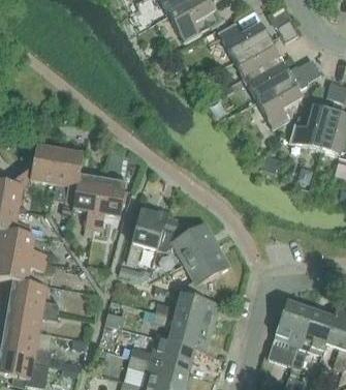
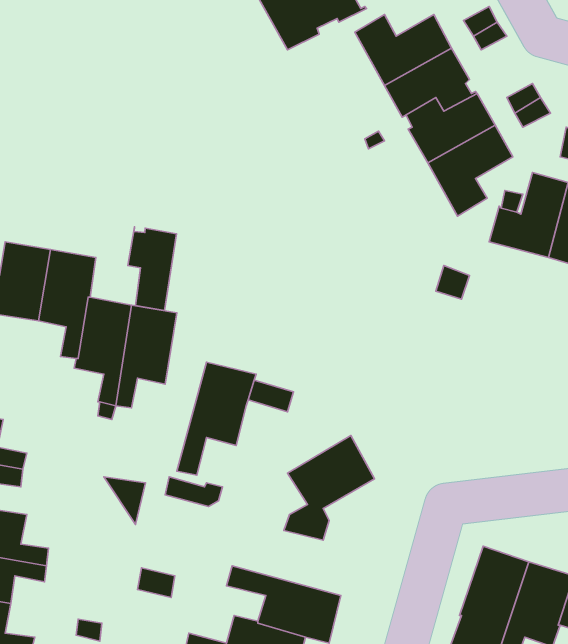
building: none -> [128,227,176,310]
building: [157,221,217,263] -> none
building: [155,293,219,327] -> none

